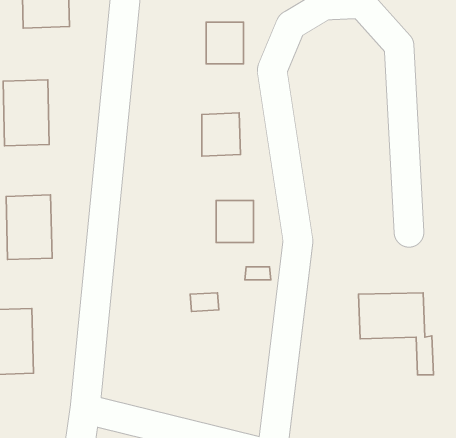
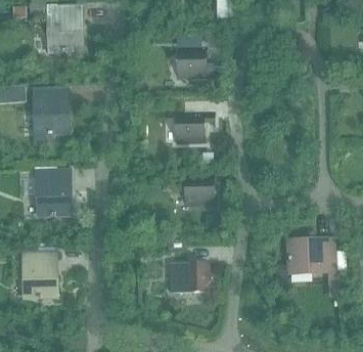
building: none -> [170,264,212,292]

